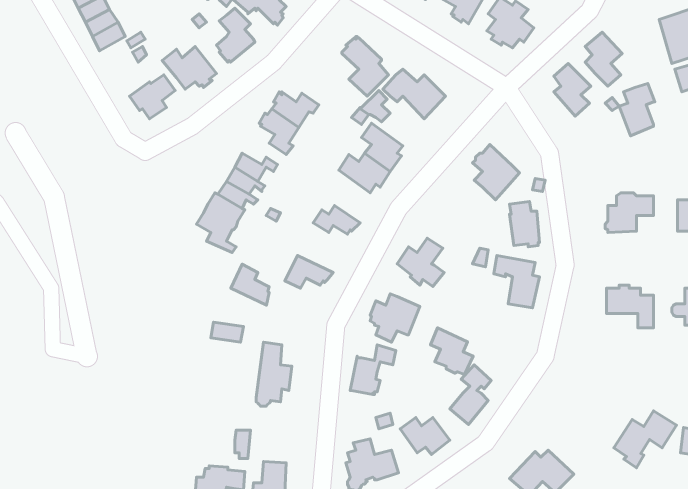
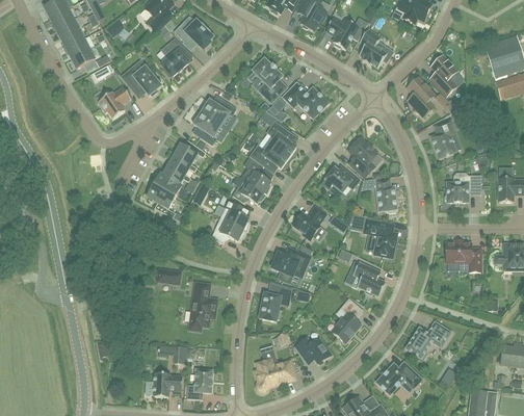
building: [619,83,655,136] -> [430,120,456,158]
building: none -> [241,162,270,194]
building: none -> [321,164,360,191]
building: [231,264,269,305] -> [220,201,248,231]
building: [430,328,473,375] -> [353,261,385,295]
building: [614,411,676,468] -> [405,320,451,362]

